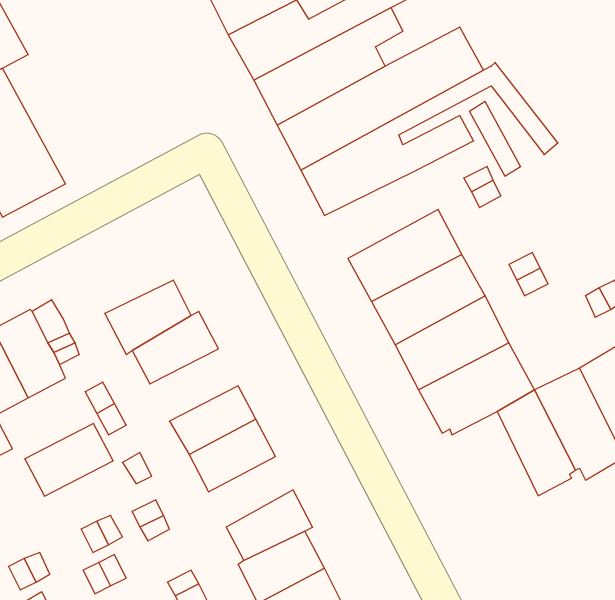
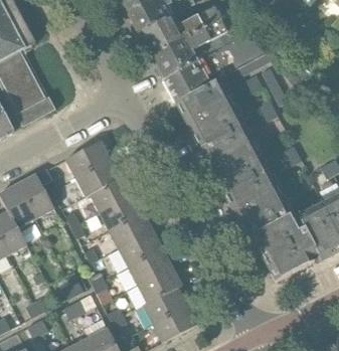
building: none -> [187,102,245,147]
building: none -> [65,140,110,175]
building: none -> [252,225,297,280]
building: [25,424,113,496] -> [98,193,143,230]
building: none -> [128,248,171,285]

